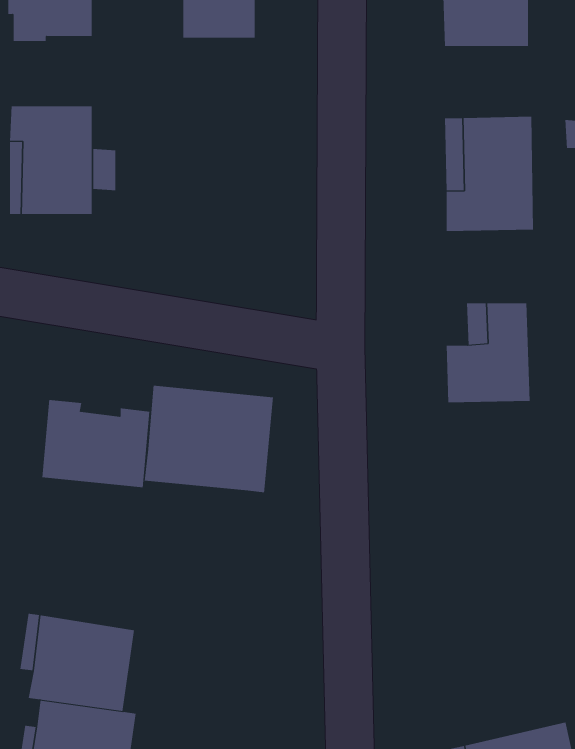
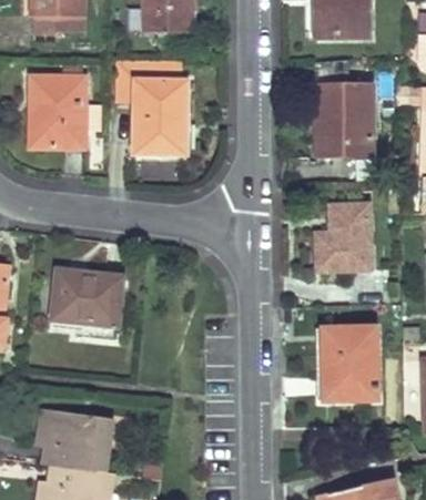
building: none -> [134,79,185,152]
building: [144,385,274,493] -> none
building: none -> [322,325,377,399]

